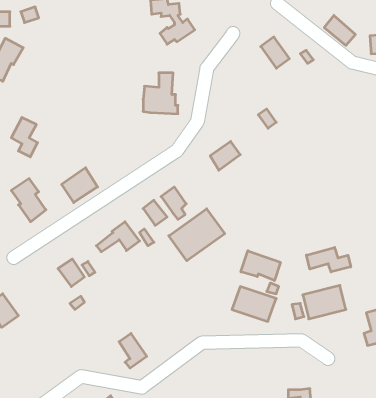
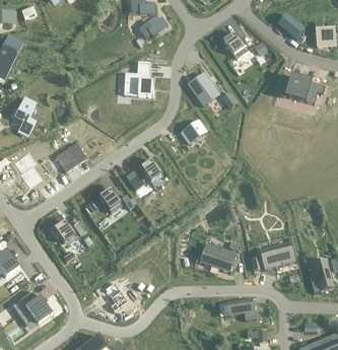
building: none -> [187,72,219,106]
building: none -> [286,75,311,101]
building: [169,209,225,261] -> none
building: [306,247,351,272] -> none
building: [241,251,280,281] -> none
building: none -> [19,290,51,324]
building: none -> [225,297,255,321]

